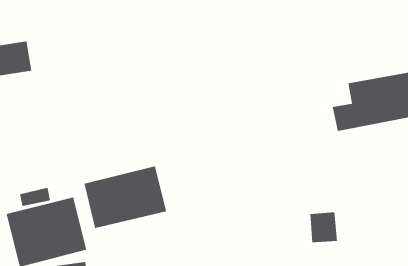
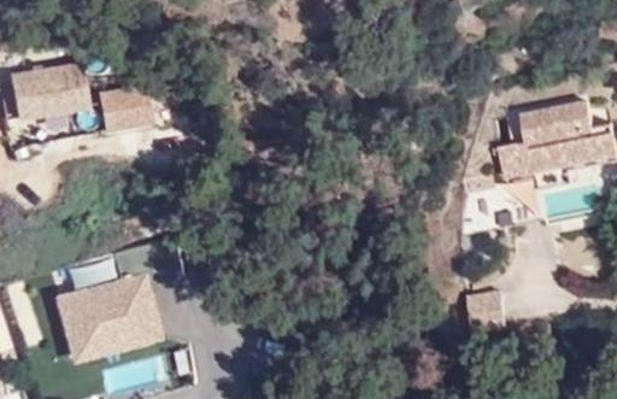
building: none -> [100,80,148,122]
building: [84,165,167,229] -> none

